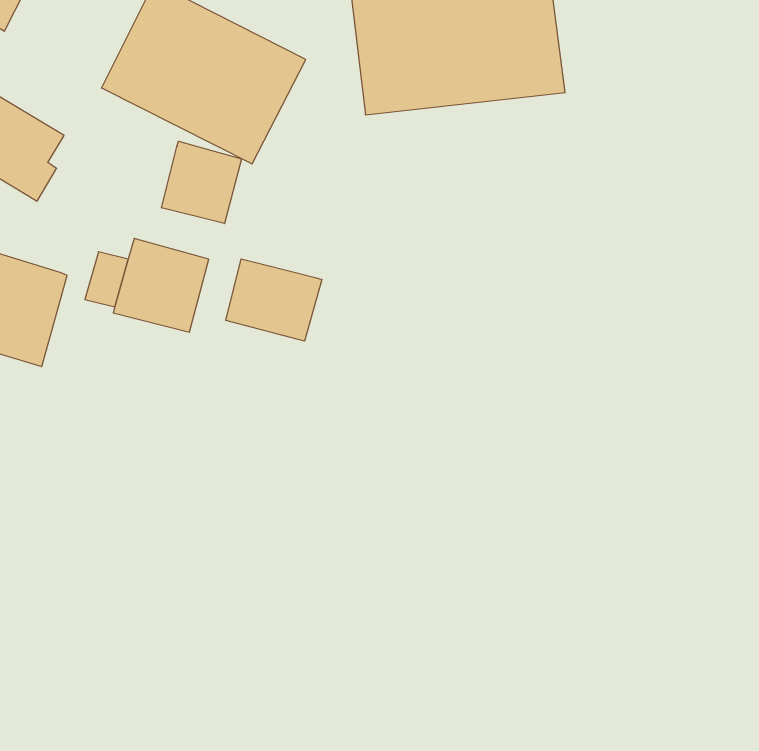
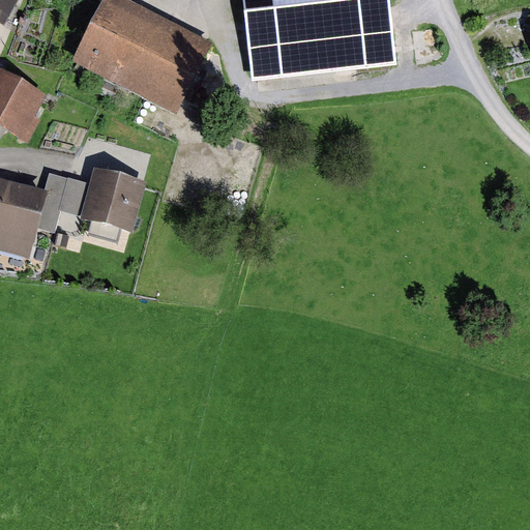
building: [162,141,242,224] -> none
building: none -> [37,170,68,229]
building: [226,259,322,341] -> none

